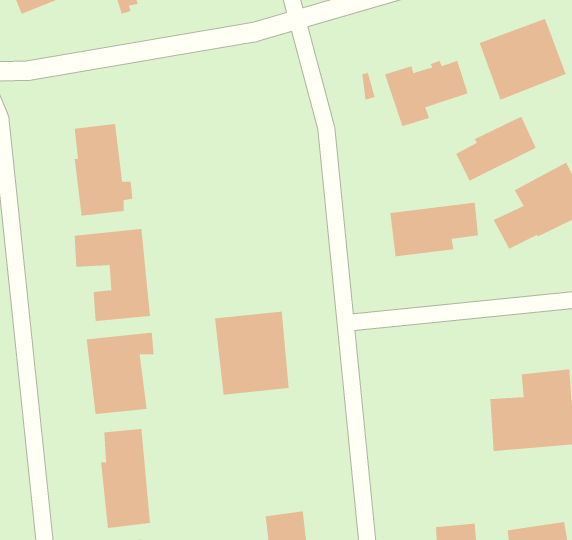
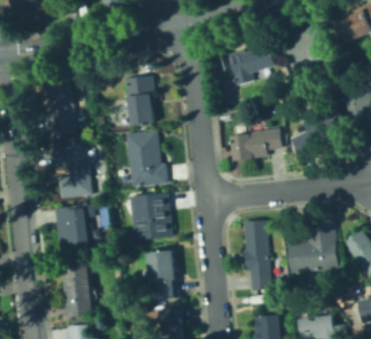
building: none -> [125,75,156,125]
building: [456,116,537,182] -> none
building: none -> [124,130,167,187]
building: none -> [242,221,268,290]
building: none -> [145,249,177,299]

